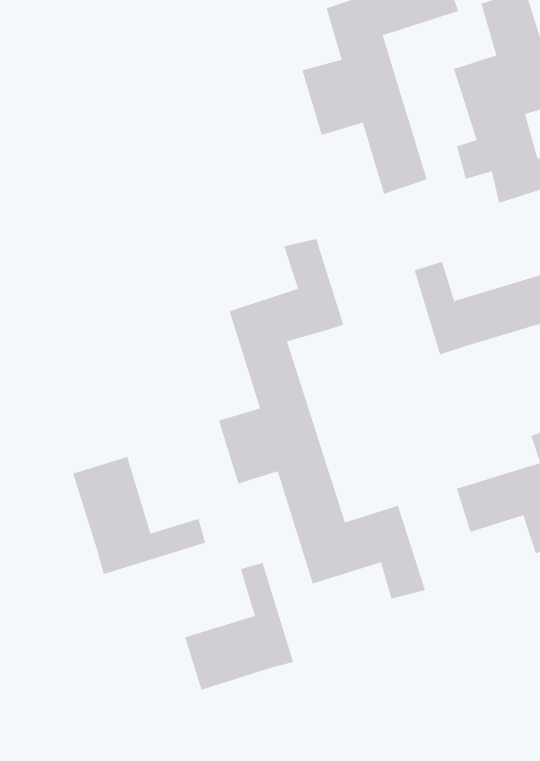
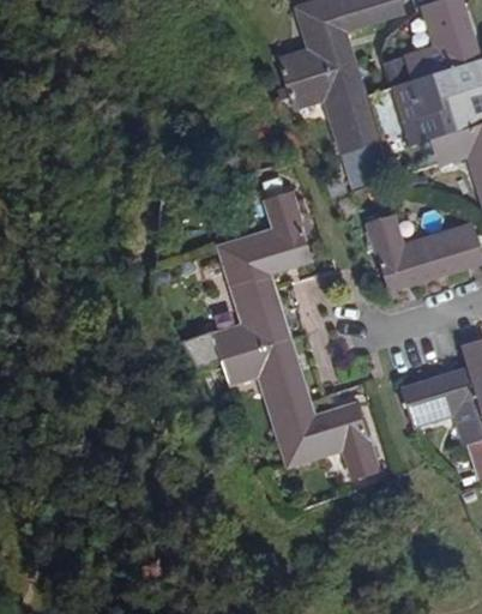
building: [73,456,206,575] -> none
building: [184,562,294,690] -> none

